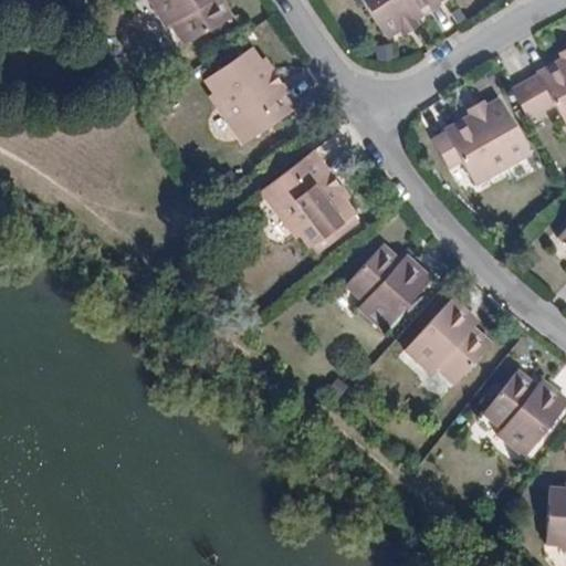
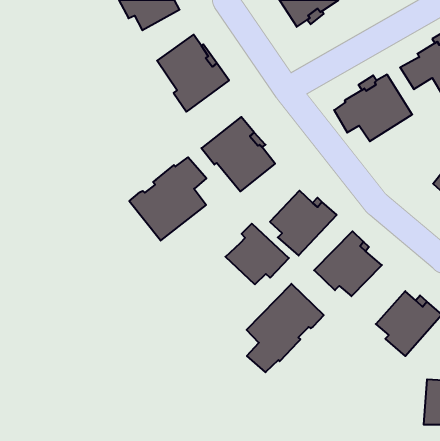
building: none -> [129,157,206,241]
building: none -> [225,224,289,284]
building: none -> [247,284,324,372]

